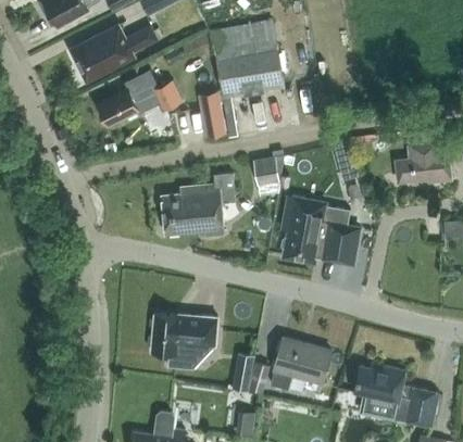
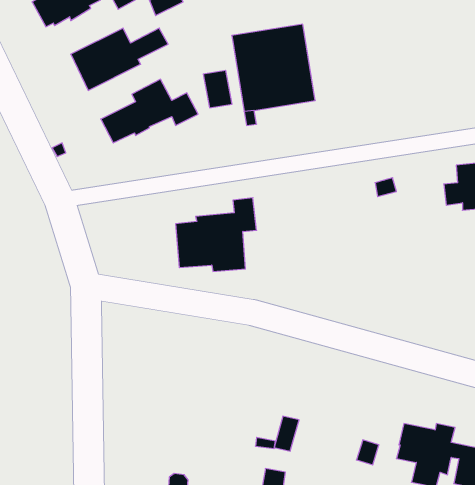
building: [201,105,226,138] -> [203,70,232,108]
building: [252,155,283,185] -> none
building: [284,198,359,264] -> none
building: [152,314,218,368] -> none
building: [272,338,331,390] -> none

